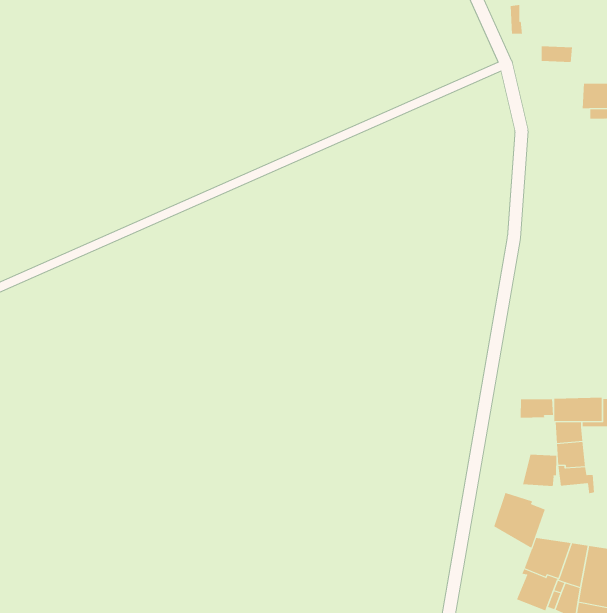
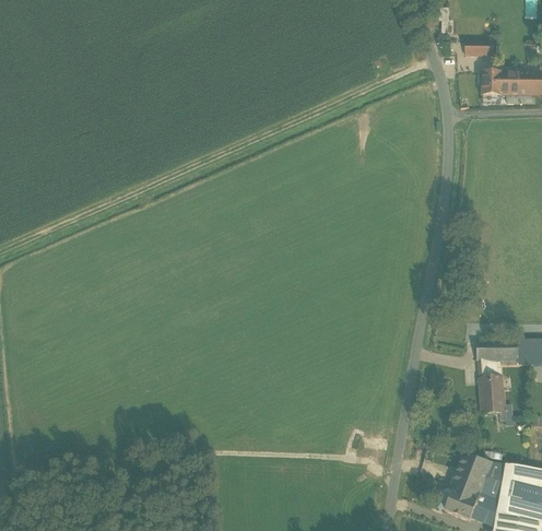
building: none -> [482,71,502,94]
building: [520,398,554,418] -> none
building: [522,454,557,487] -> none
building: [494,492,546,549] -> none

